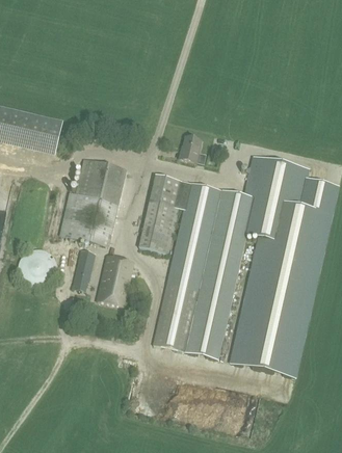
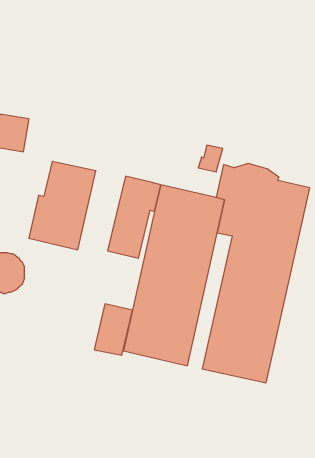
building: [179,136,203,162] -> [198,145,223,172]
building: [75,249,96,281] -> none
building: [97,256,134,305] -> [94,304,133,355]

